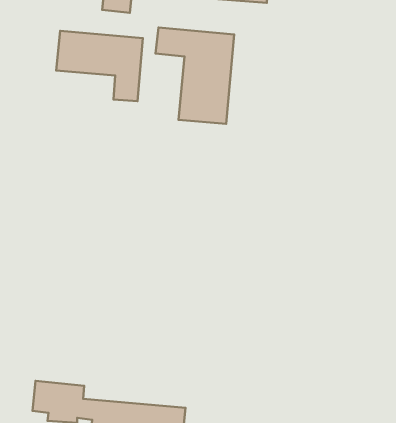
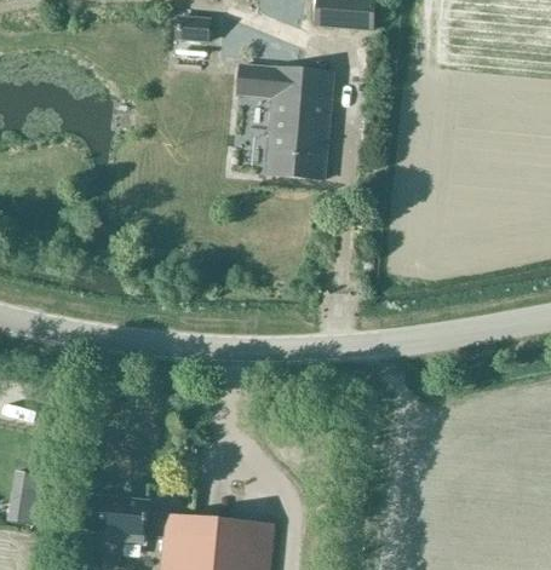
building: [56,31,143,101] -> none

